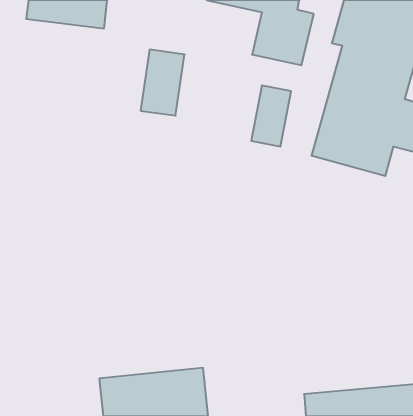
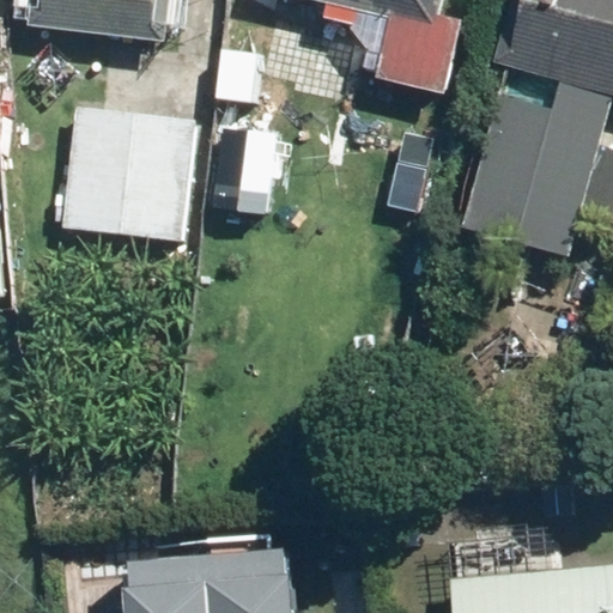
building: none -> [59,105,194,241]

